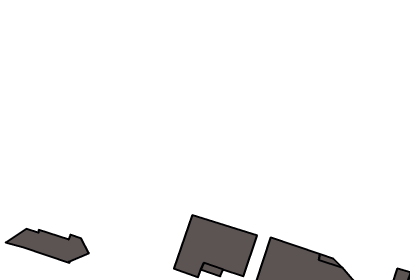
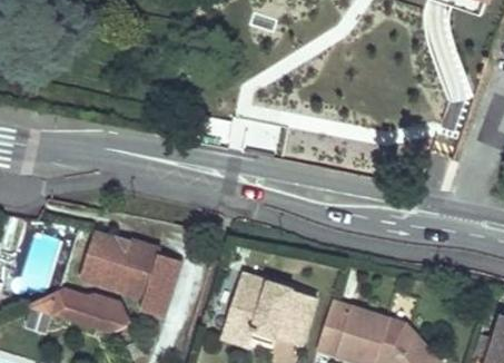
building: none -> [81,232,180,315]

